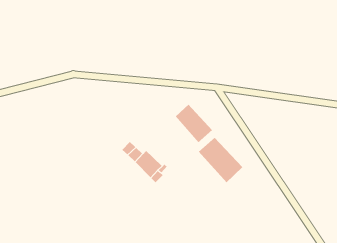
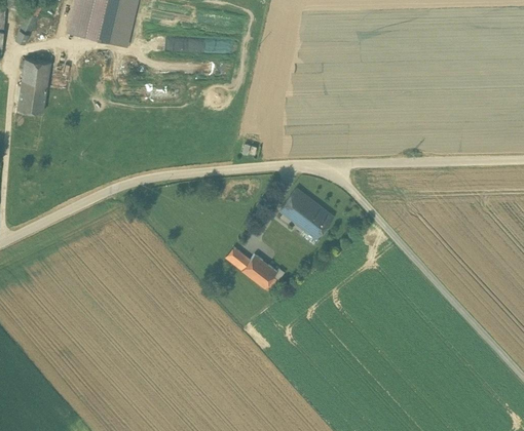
building: [198,137,243,183] -> none

